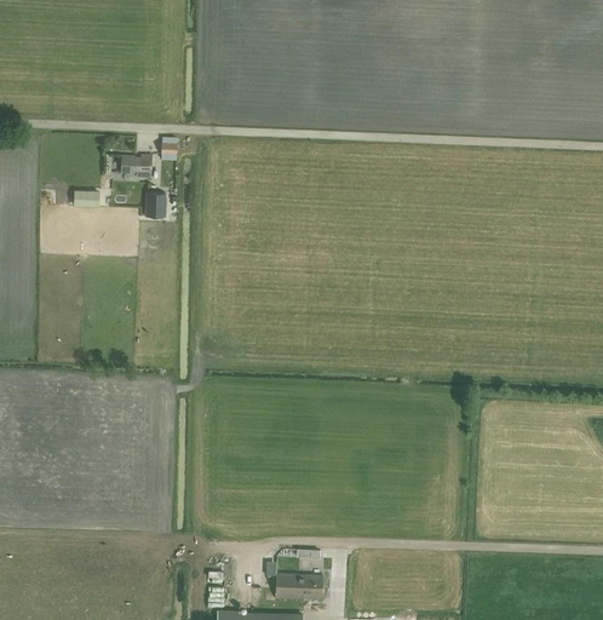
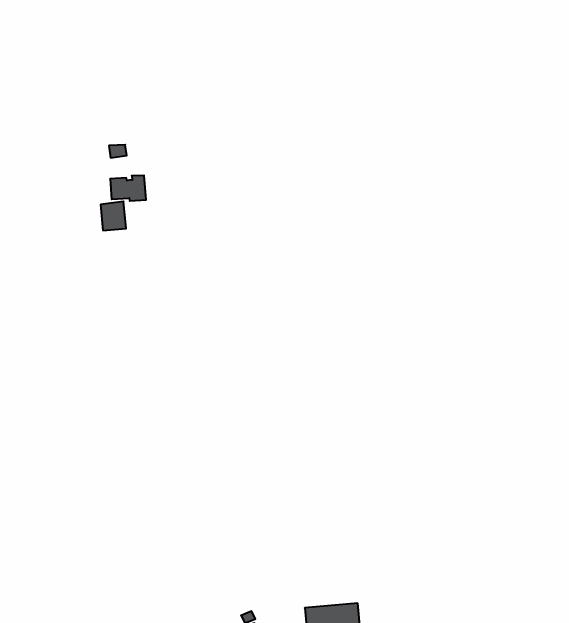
building: [120,154,151,177] -> [110,175,146,201]

